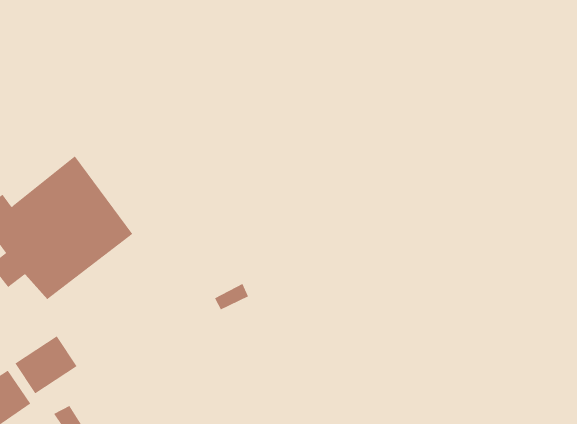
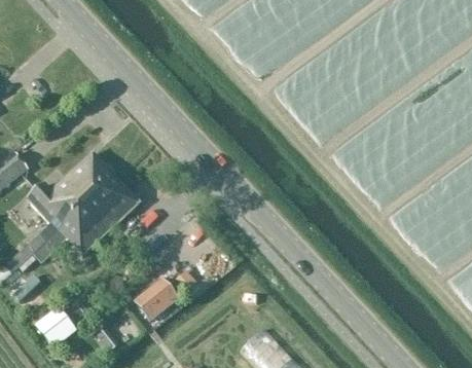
building: [14,336,77,394] -> [133,277,178,320]

